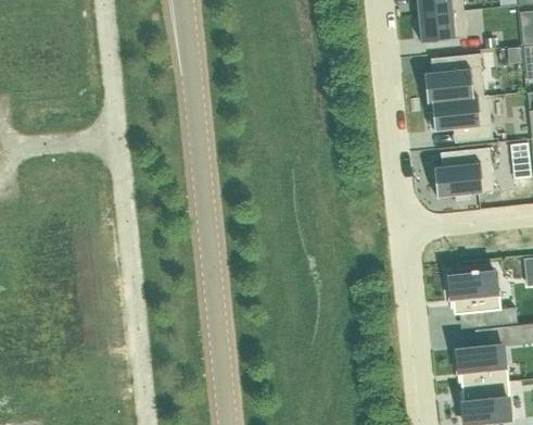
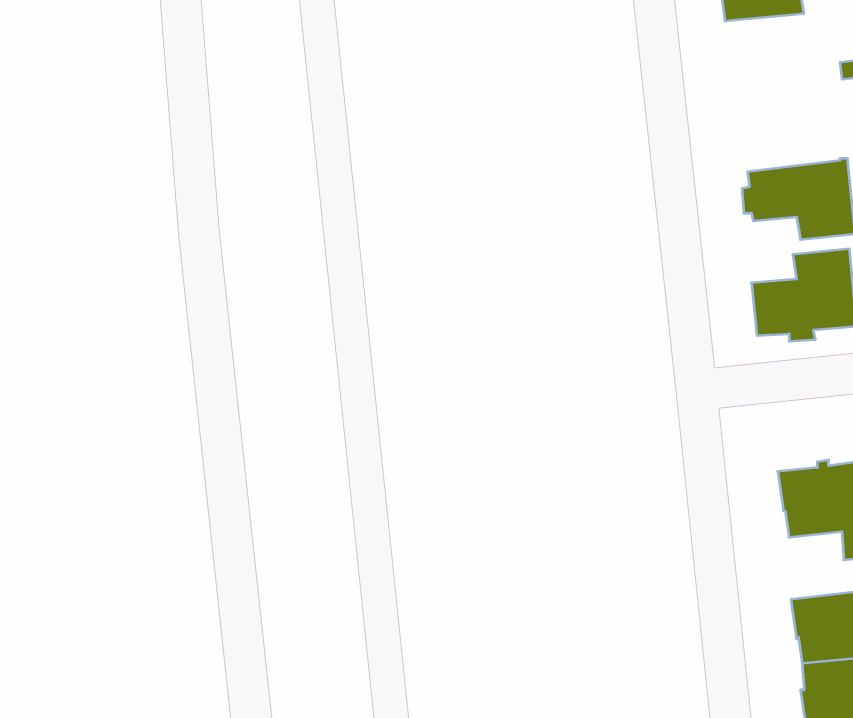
building: [418,11,466,42] -> none
building: [423,53,484,103] -> none

